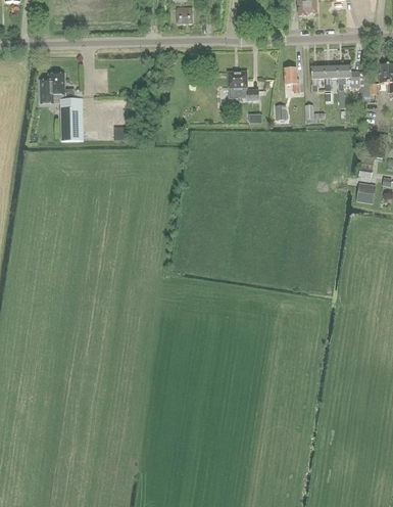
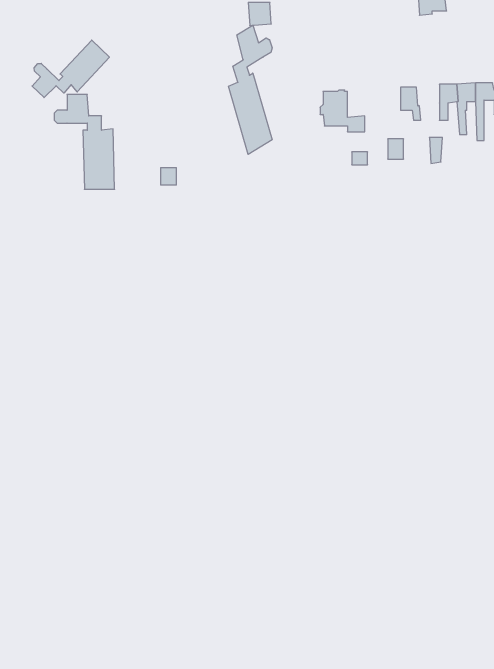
building: none -> [228,25,272,154]
building: none -> [32,40,109,98]

